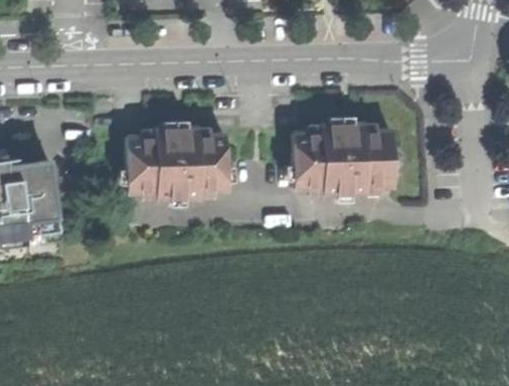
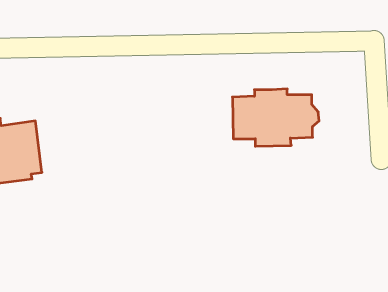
building: [126,127,225,199] -> none

